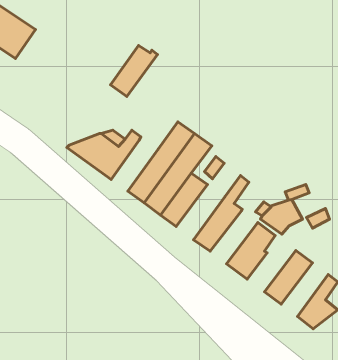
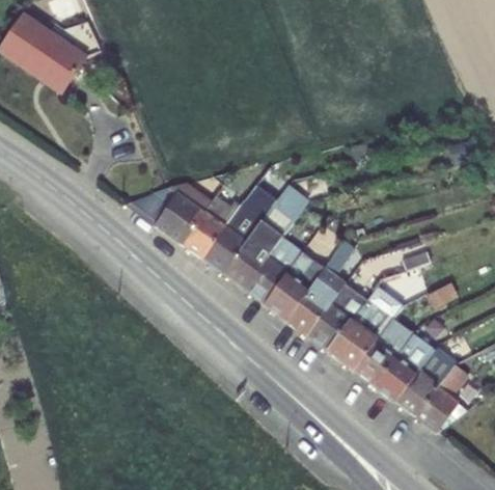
building: [110,45,157,96] -> [182,194,241,258]
building: none -> [264,250,325,320]
building: none -> [306,283,366,350]
building: none -> [353,317,414,385]
building: none -> [395,349,455,416]

